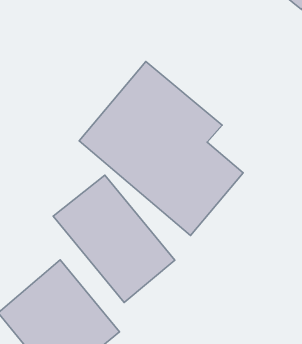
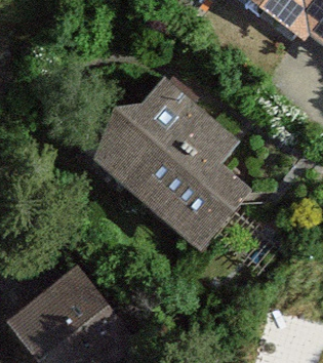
building: [53,175,175,302] -> none

